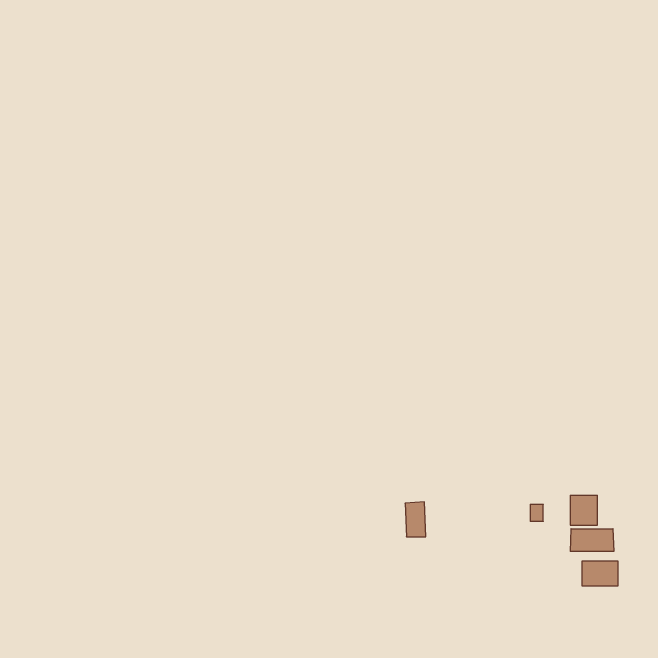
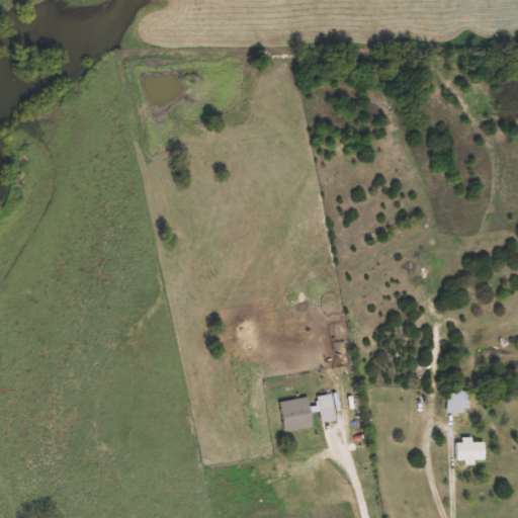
building: none -> [280,397,313,431]
building: [570,529,614,551] -> none

